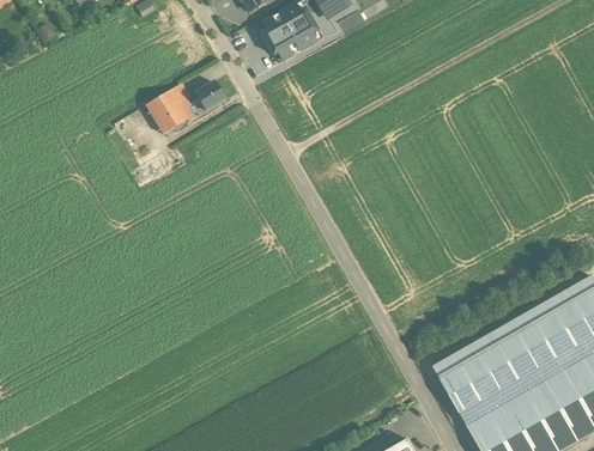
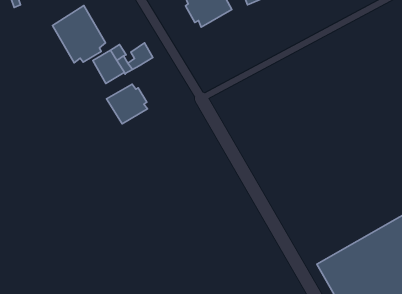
building: none -> [52,6,106,63]
building: none -> [107,84,148,124]

